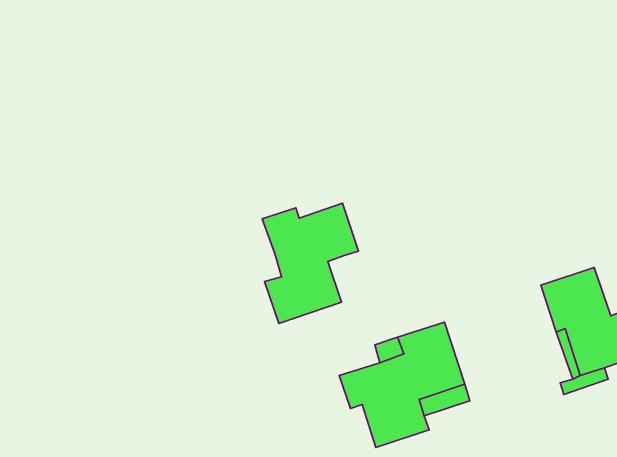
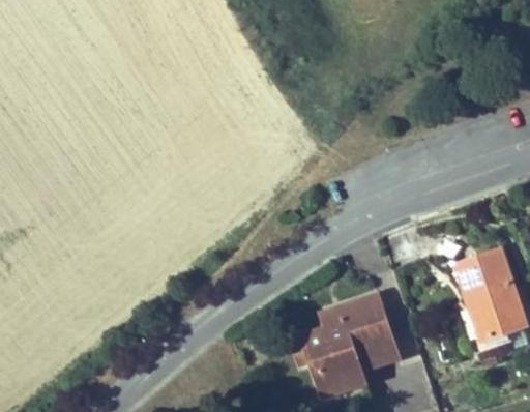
building: [262,203,358,324] -> none

